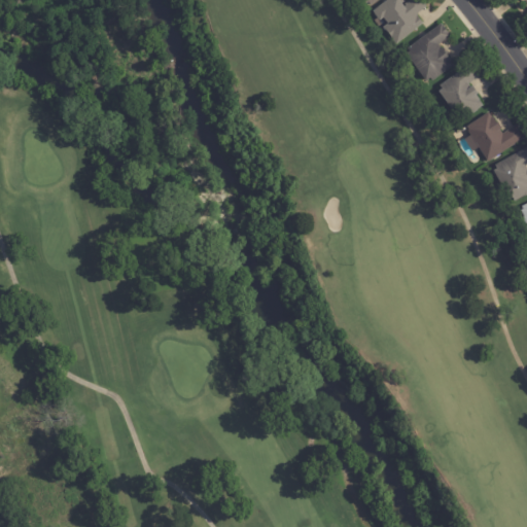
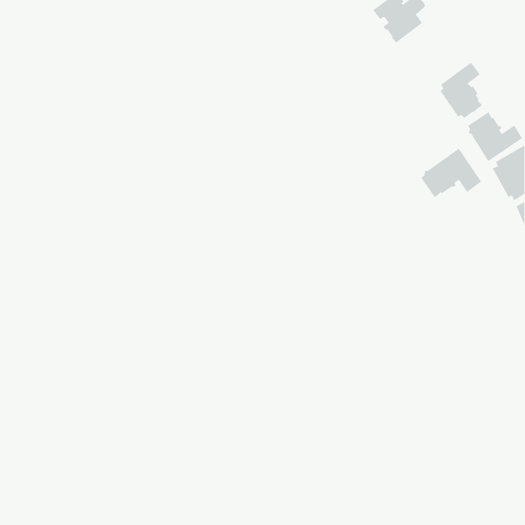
building: [406,23,452,80] -> none
building: none -> [420,148,482,198]

